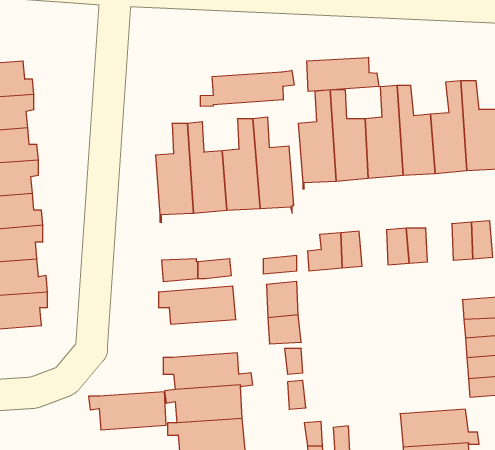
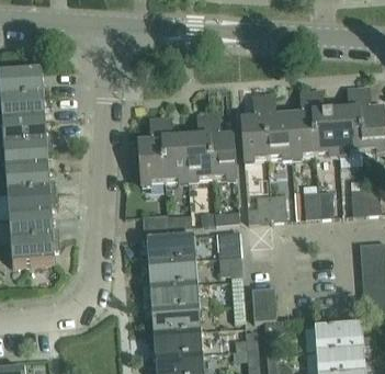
building: [307,57,379,91] -> none
building: [200,70,294,106] -> none
building: none -> [251,288,276,321]
building: [89,392,166,430] -> [140,258,196,285]

